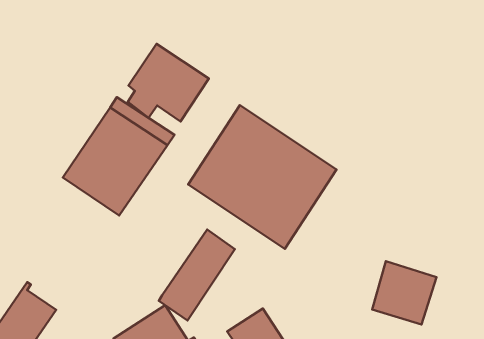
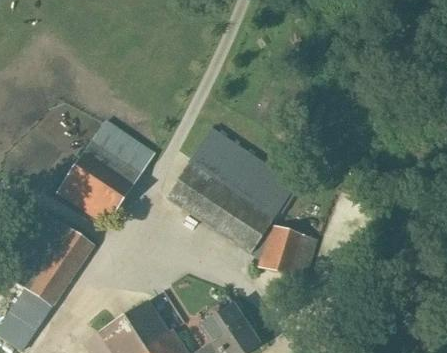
building: [128,44,209,121] -> none
building: [159,230,235,320] -> [27,226,93,305]
building: [372,261,436,324] -> [261,224,317,279]

